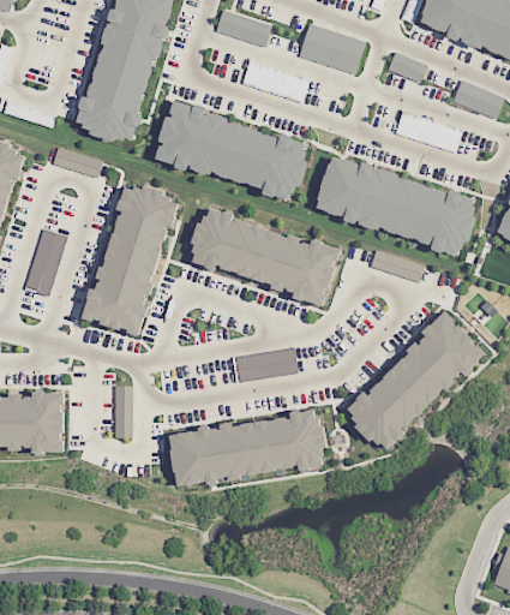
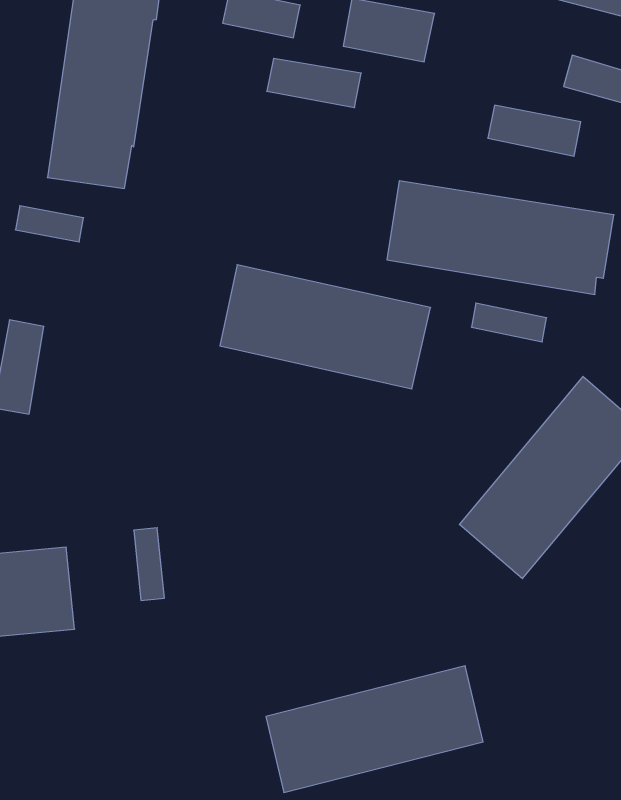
building: [386,52,427,83] -> none
building: [155,101,310,197] -> none
building: [82,183,180,334] -> none
building: [232,348,296,383] -> none
building: [173,411,325,488] -> [266,666,483,792]

